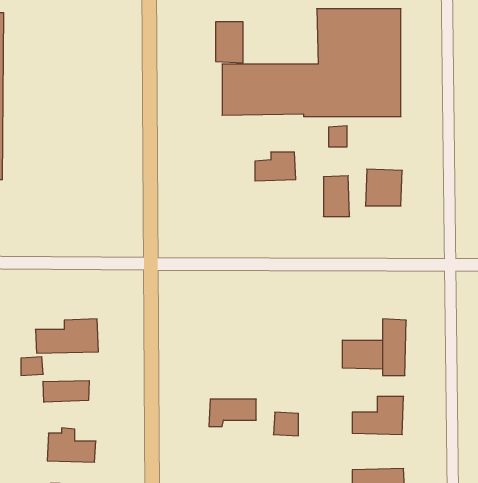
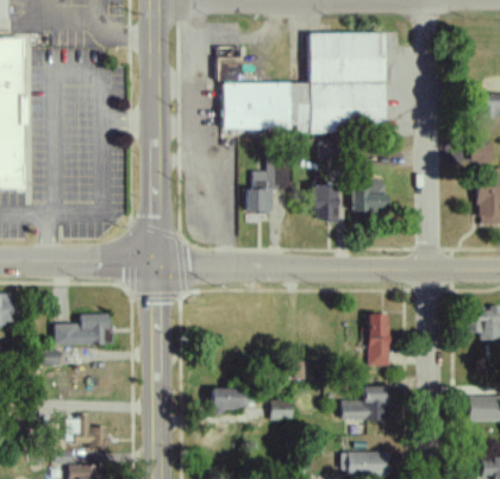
building: none -> [248,190,273,214]
building: [343,340,383,369] -> none
building: [43,381,89,402] -> none

